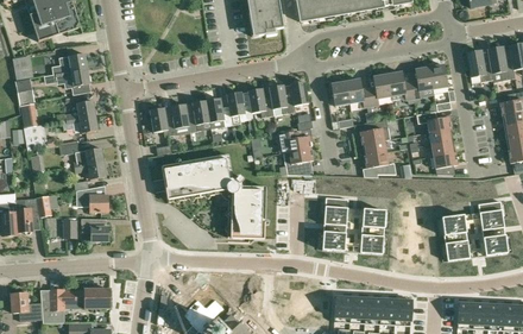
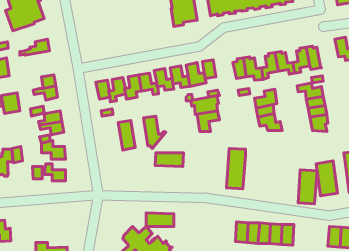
building: [45,68,90,94] -> none
building: [195,157,218,196] -> none
building: [162,163,184,202] -> none
building: [223,176,265,203] -> none
building: [360,208,385,253] -> [298,170,317,204]
building: [227,220,264,238] -> [146,213,174,226]
building: [40,289,111,323] -> none

